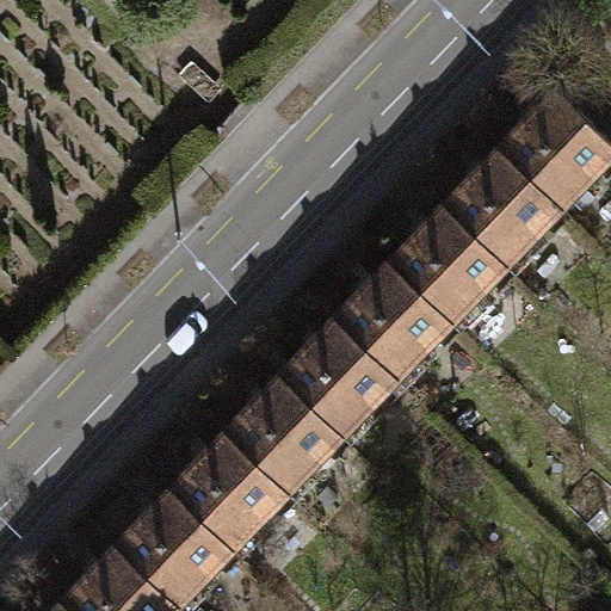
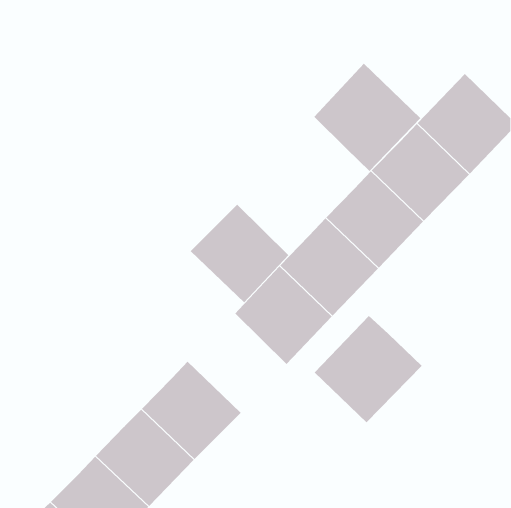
building: none -> [313,63,421,172]
building: [223,378,341,496] -> [190,204,289,303]
building: none -> [314,315,423,423]

